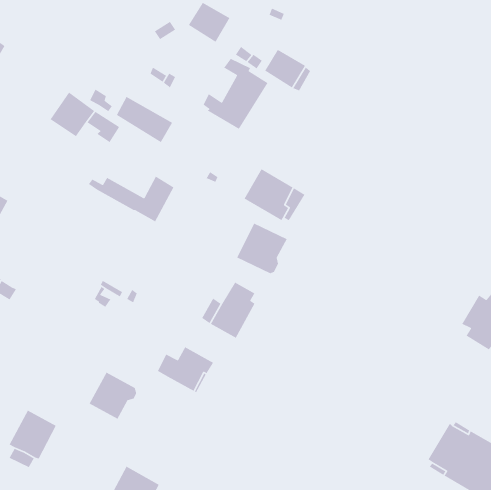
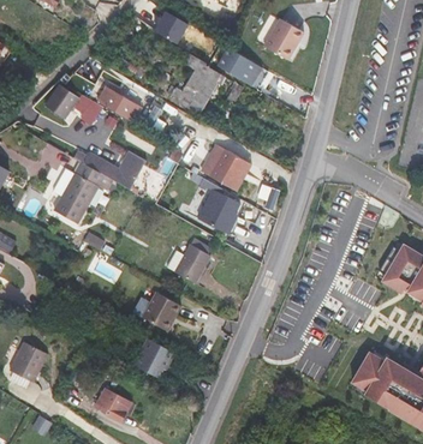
building: none -> [263,18,304,59]
building: none -> [53,162,112,223]
building: [89,371,137,420] -> [133,337,173,377]

